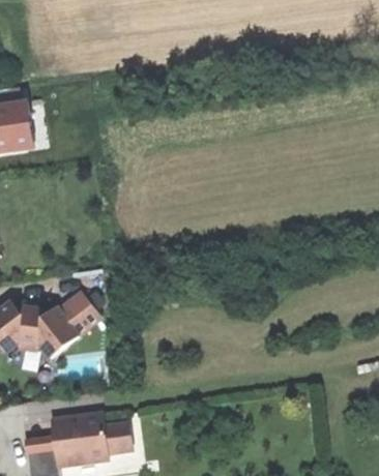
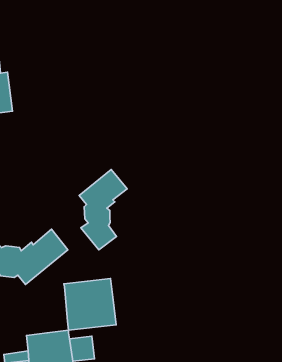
building: none -> [79,170,127,250]
building: none -> [64,279,116,330]

